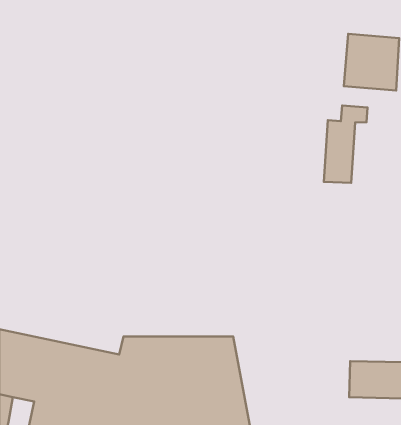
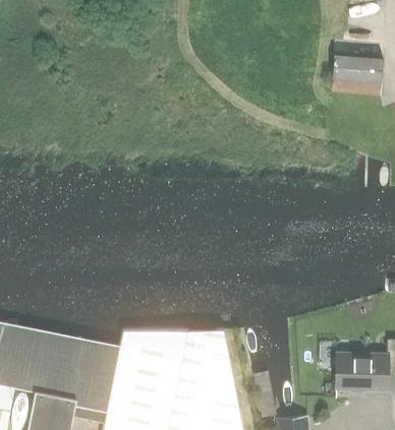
building: [324,105,368,183] -> none

